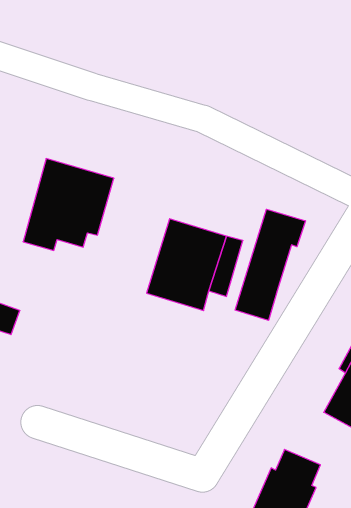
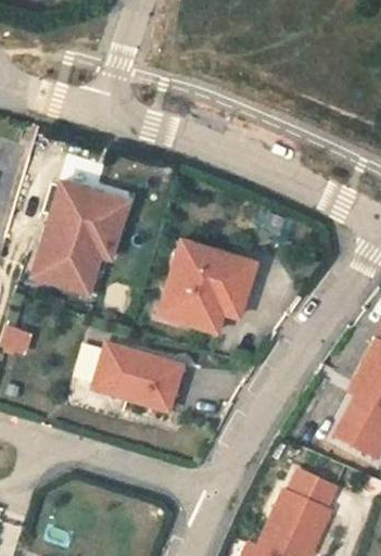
building: [235,209,305,320] -> none
building: none -> [33,262,97,292]
building: none -> [92,342,182,410]

